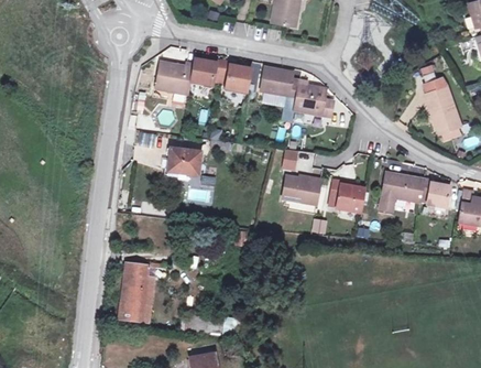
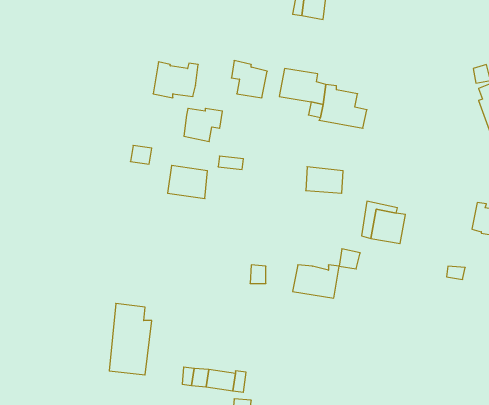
building: [190,58,222,86] -> [184,108,222,142]
building: [379,172,424,212] -> none
building: [282,176,320,204] -> [293,265,339,298]

